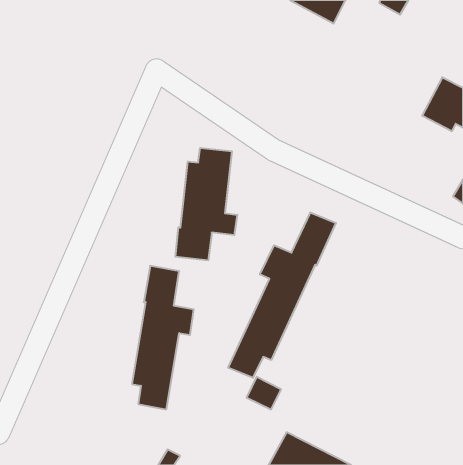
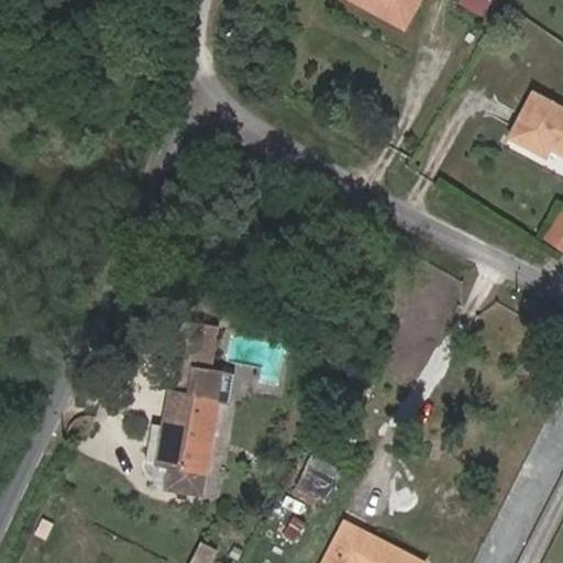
building: [175,148,237,260] -> none
building: [228,212,336,378] -> none

